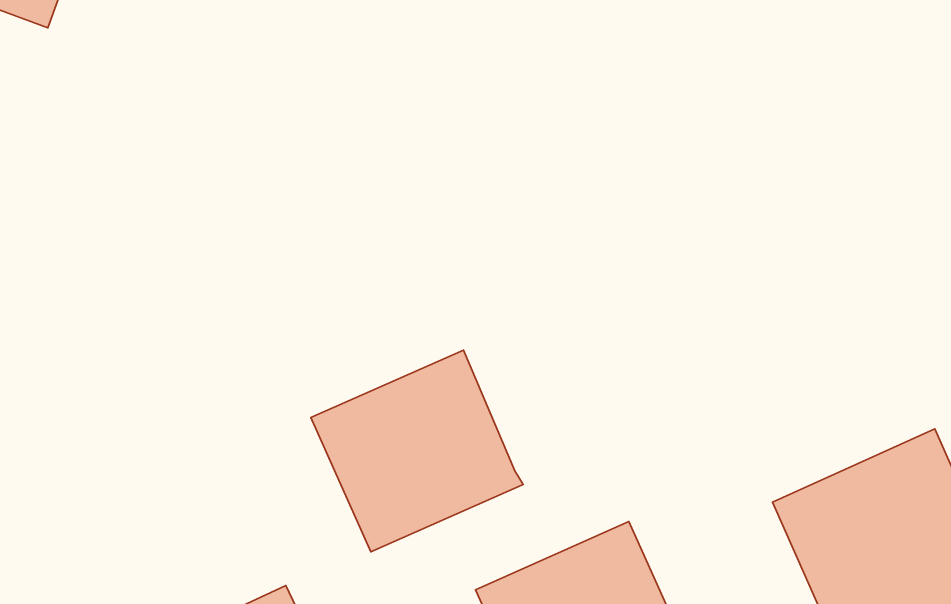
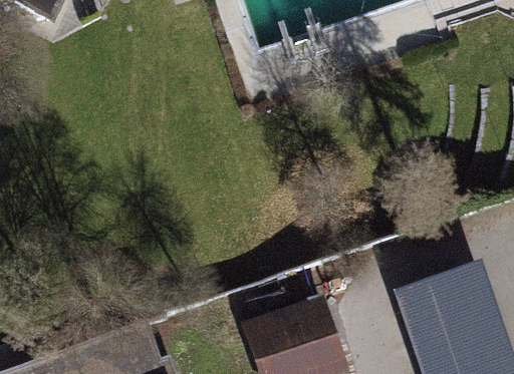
building: [311,350,523,552] -> none

